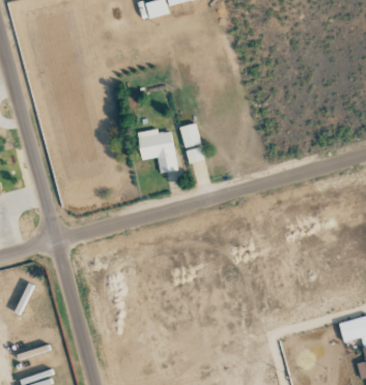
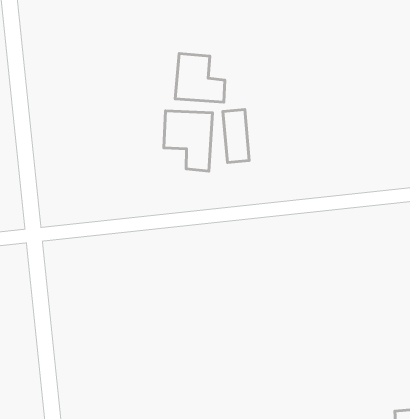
building: none -> [175,54,225,102]

